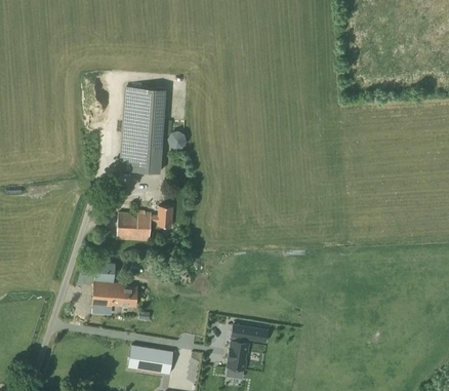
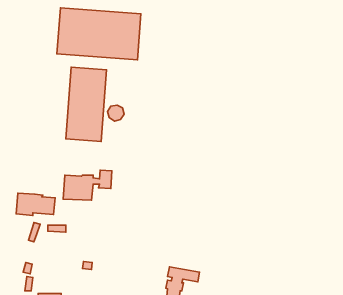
building: none -> [57,8,141,60]
building: [91,282,136,308] -> [16,193,55,216]

